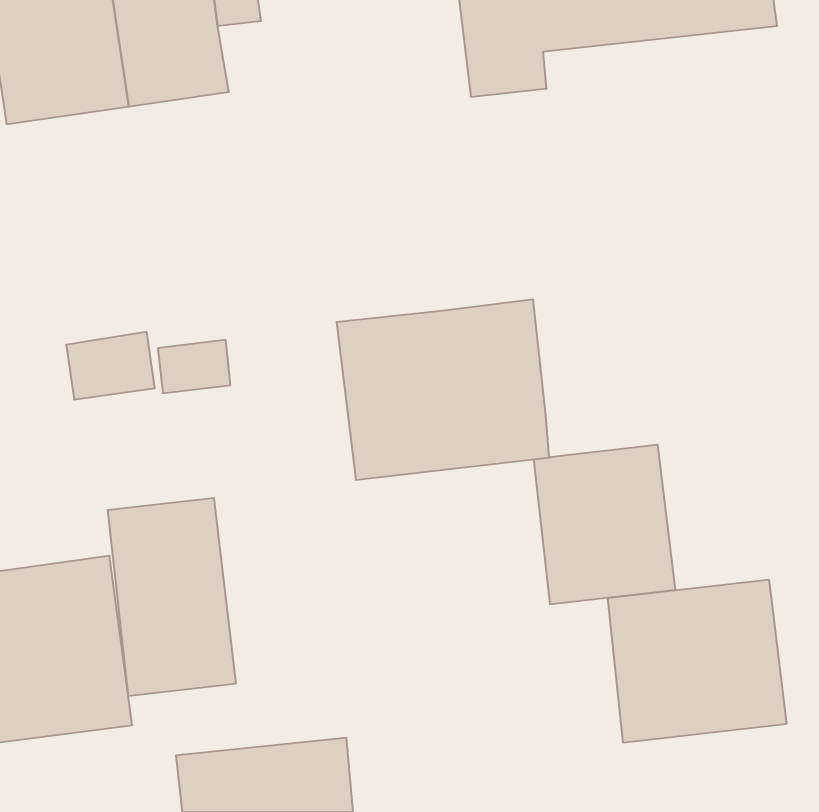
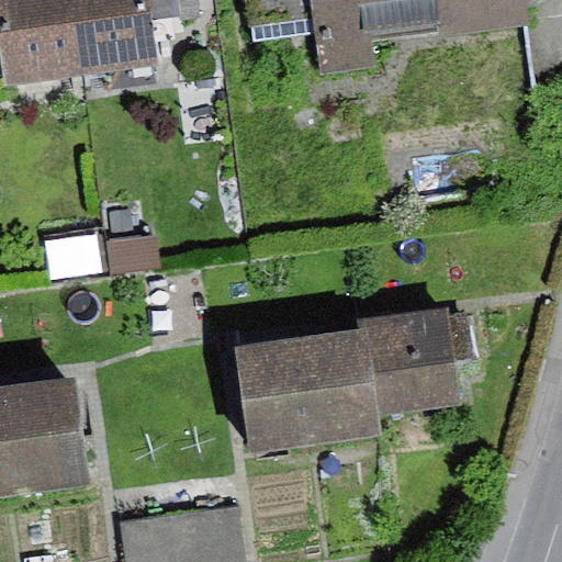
building: [336,299,549,480] -> [232,333,376,456]
building: [108,498,236,696] -> none
building: [608,580,786,743] -> none

